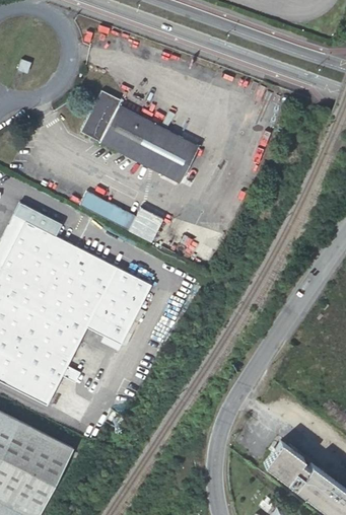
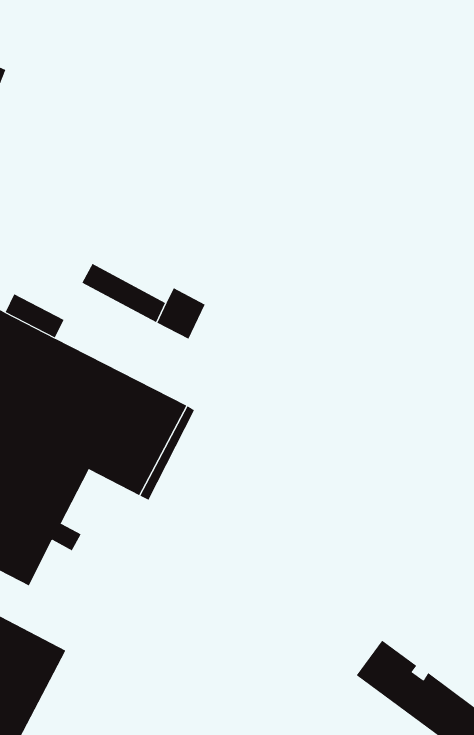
building: [80,90,198,183] -> none

